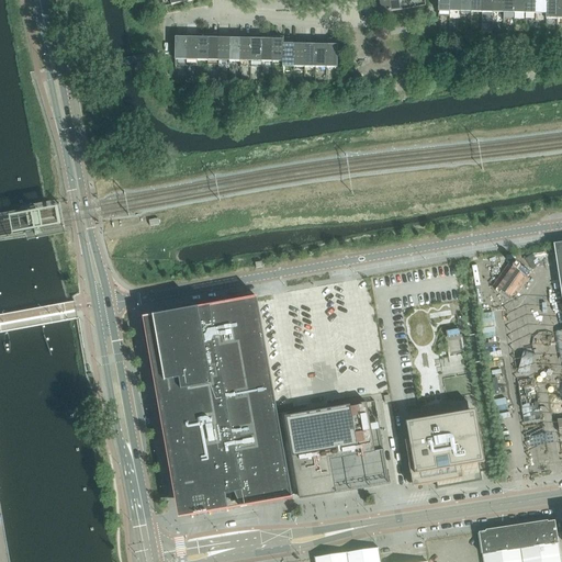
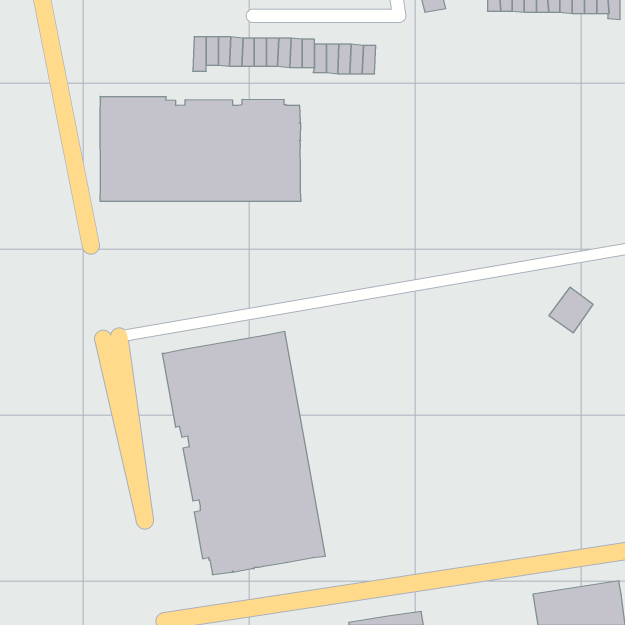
building: none -> [100,96,301,201]
building: [283,401,387,497] -> none
building: [403,409,483,486] -> none

